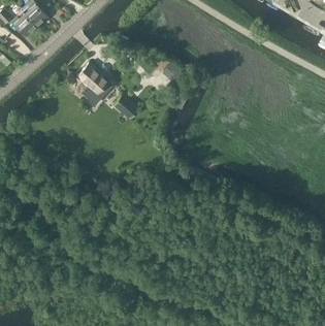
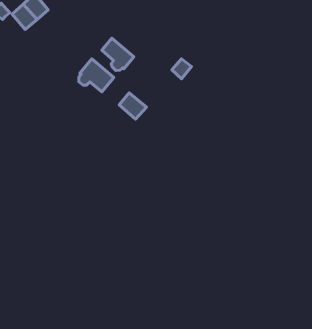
building: none -> [102,38,134,70]

